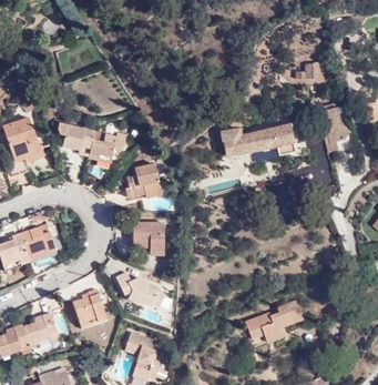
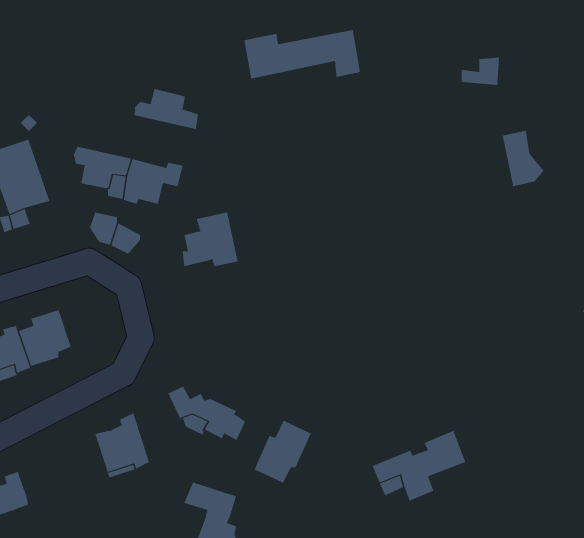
building: none -> [134,88,198,130]
building: [222,126,295,158] -> [243,30,361,79]
building: [132,223,163,255] -> none
building: none -> [254,420,311,483]
building: [22,312,57,341] -> none

